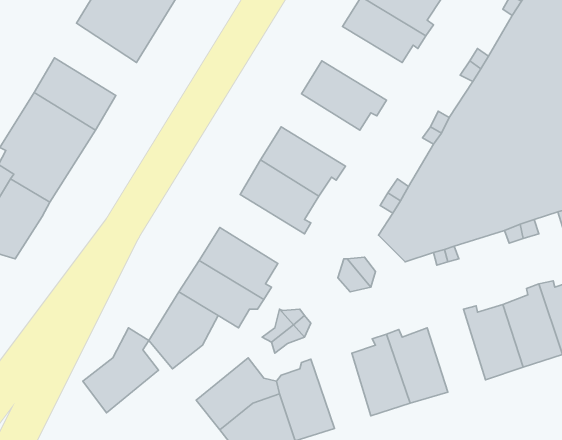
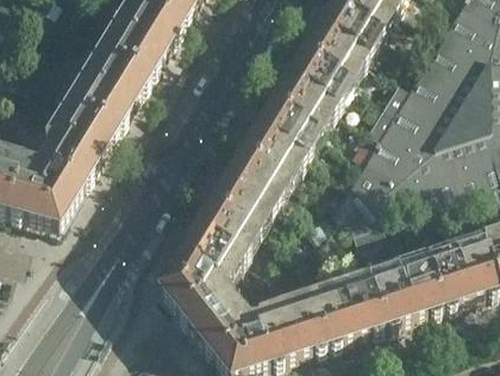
building: none -> [86,46,148,101]
building: none -> [288,49,349,105]
building: none -> [257,100,317,155]
building: none -> [211,176,275,228]
building: none -> [368,263,412,326]
building: [83,328,158,413] -> [175,268,232,332]
building: none -> [280,296,325,353]

